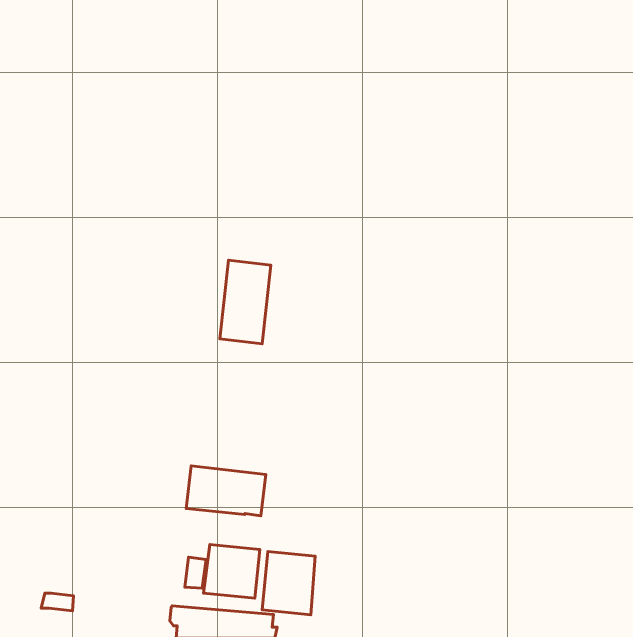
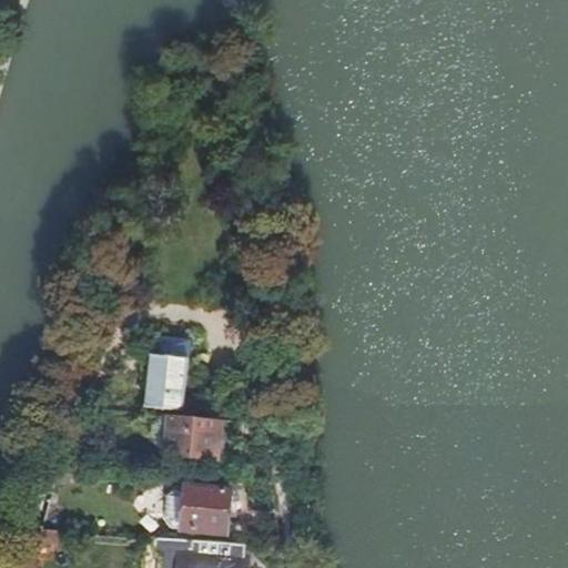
building: [220,260,271,344] -> [144,336,190,410]
building: [262,551,315,615] -> none

